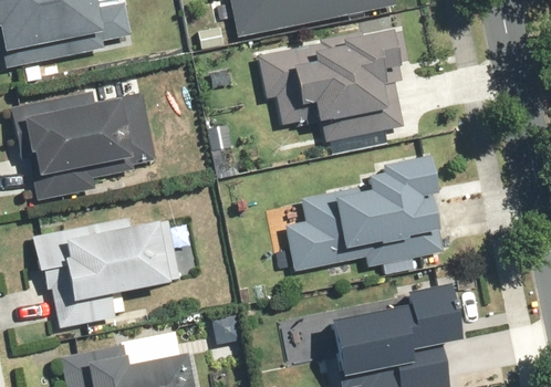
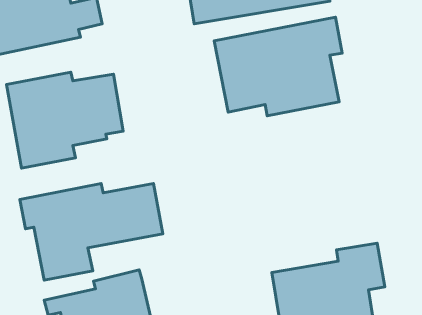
building: [287,159,444,270] -> none

